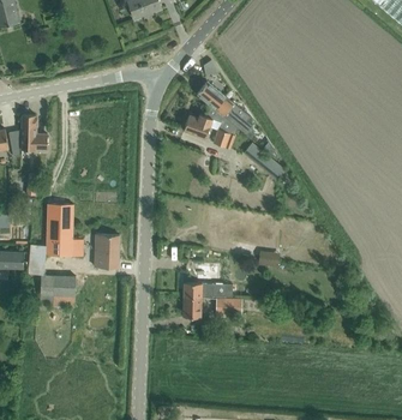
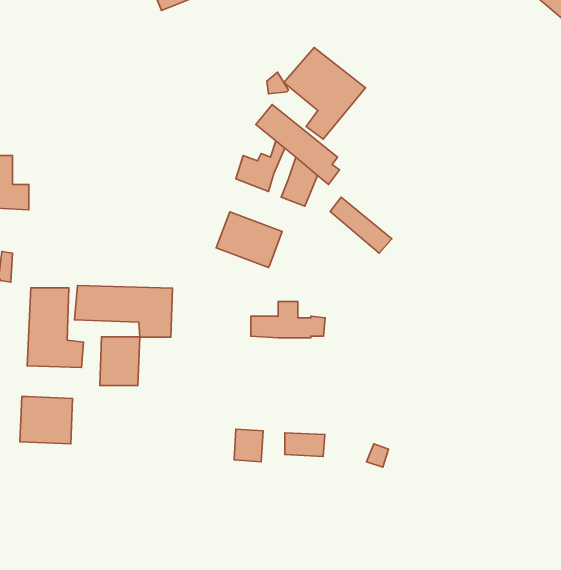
building: none -> [284,47,365,139]
building: none -> [216,212,282,267]
building: none -> [75,286,173,337]
building: [184,272,233,296] -> [251,302,325,338]

